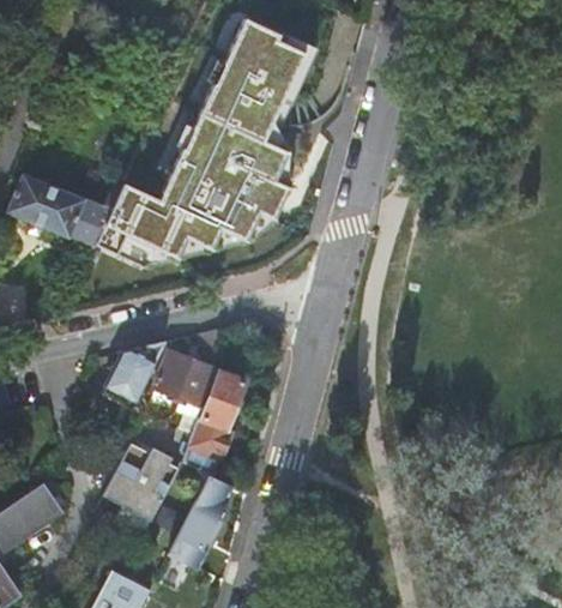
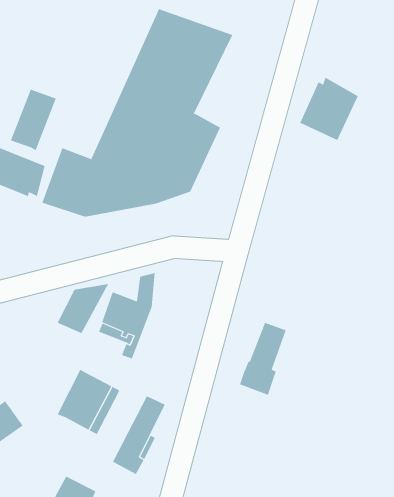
building: none -> [300,77,358,141]
building: none -> [10,89,57,151]
building: [189,372,246,459] -> [239,322,287,396]

